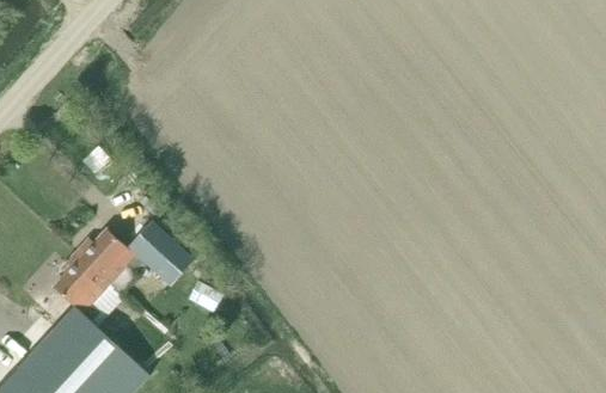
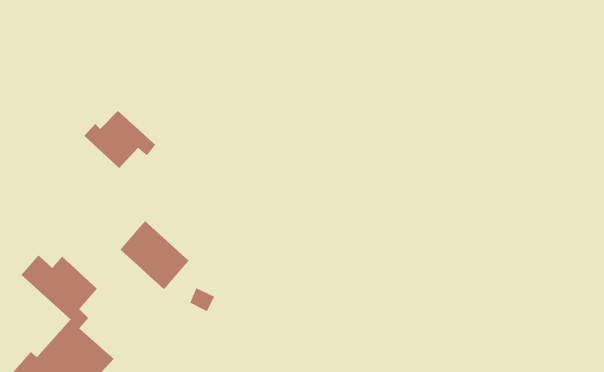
building: [73,227,141,282] -> [84,110,156,169]

